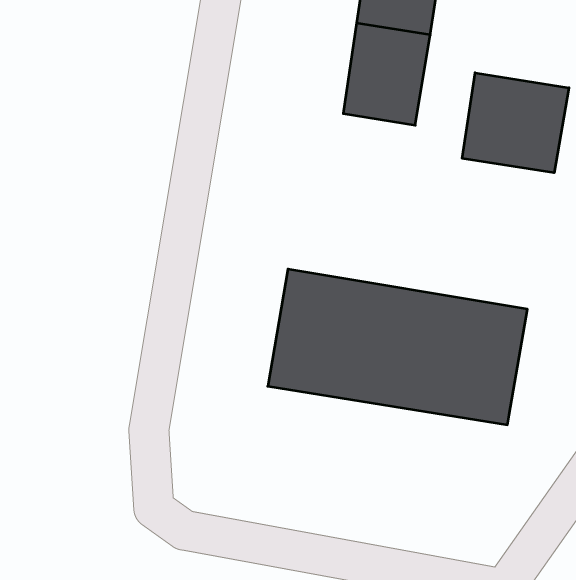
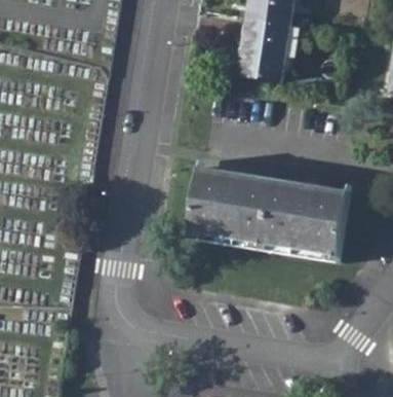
building: [462,73,569,173] -> none

